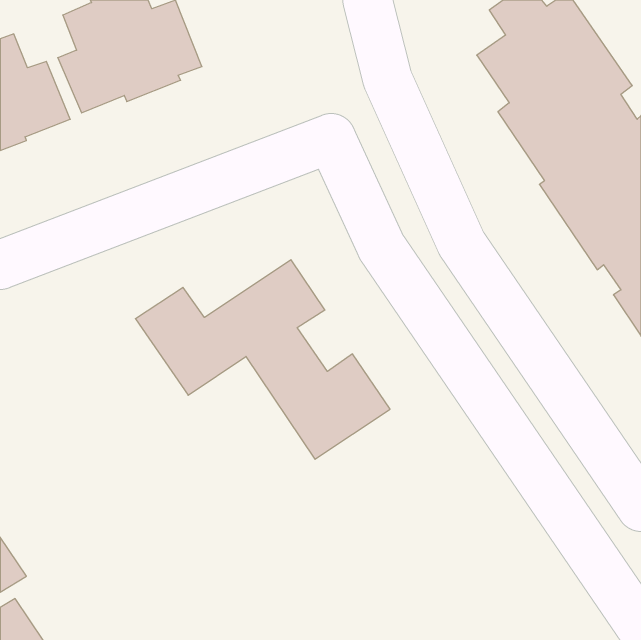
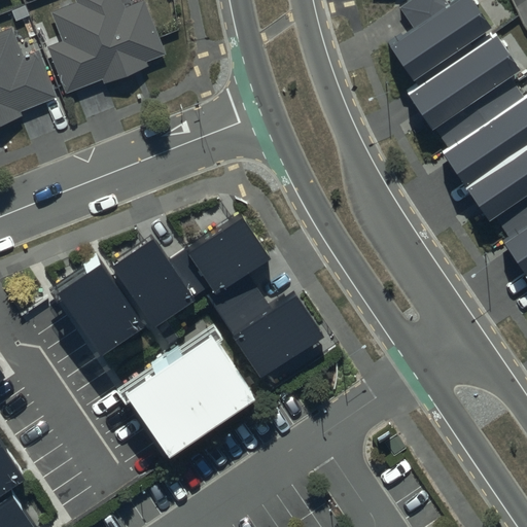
building: none -> [56,256,144,355]
building: none -> [125,327,251,448]

